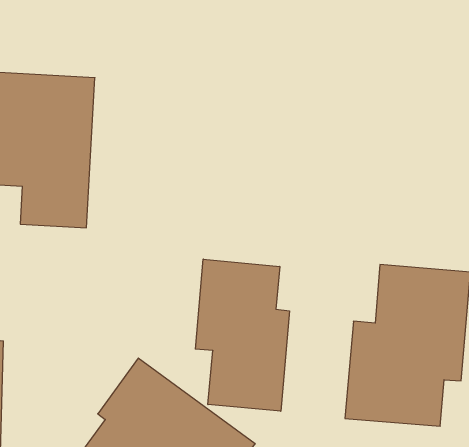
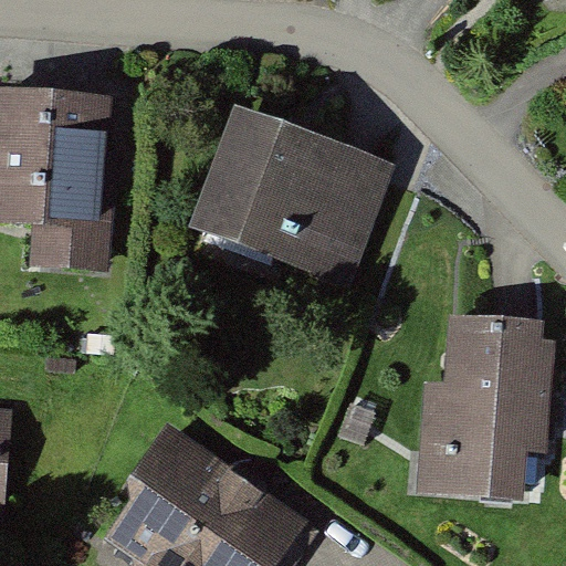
building: none -> [193,108,389,277]
building: [195,259,289,411] -> none

